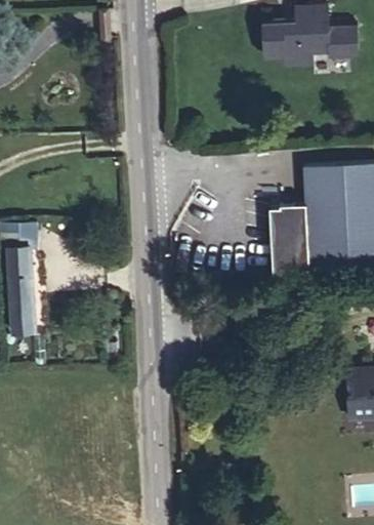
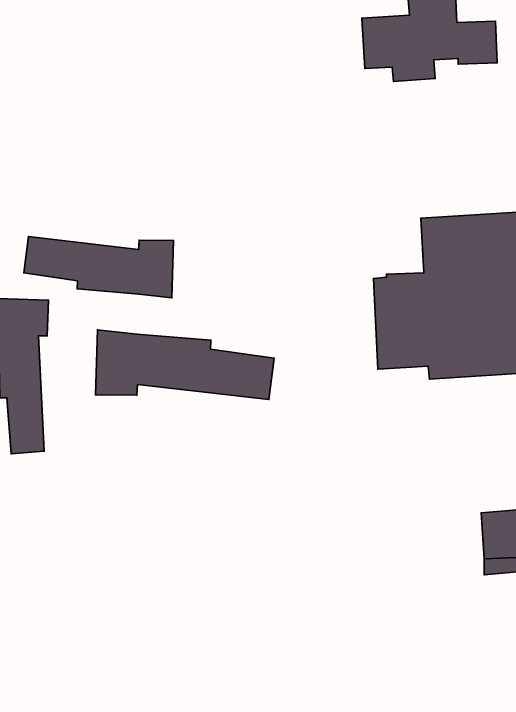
building: none -> [24,237,174,298]
building: none -> [96,330,274,399]

